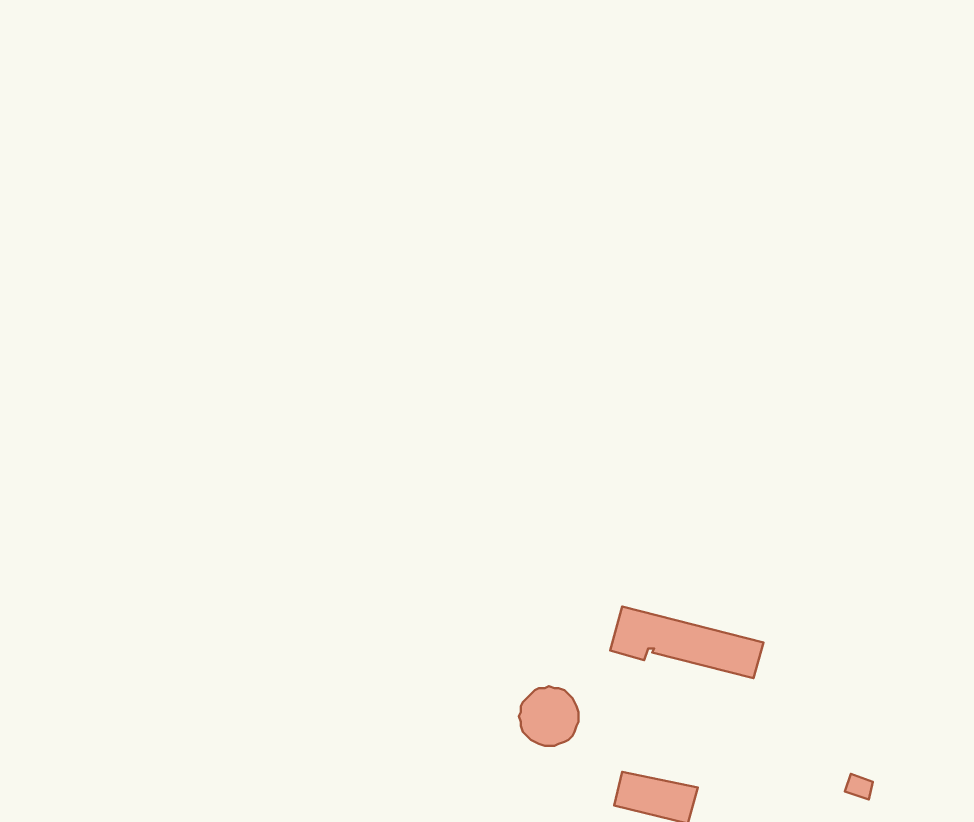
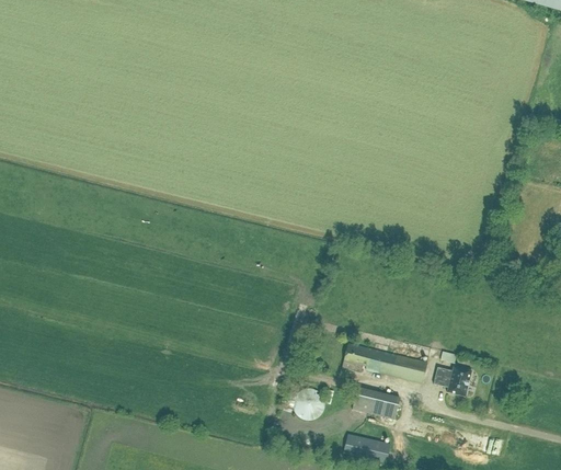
building: none -> [433,365,471,397]
building: none -> [352,386,401,420]

